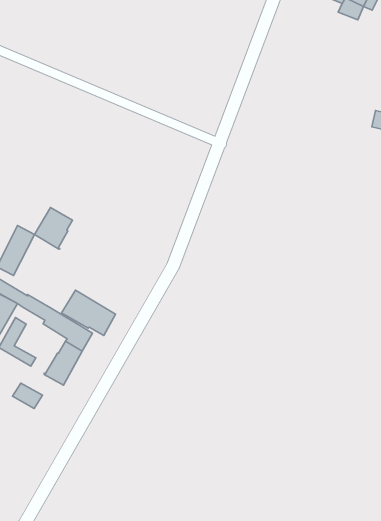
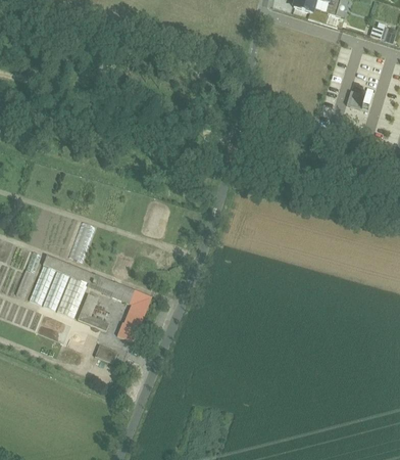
building: [34,207,73,249] -> none
building: [61,290,116,336] -> none

